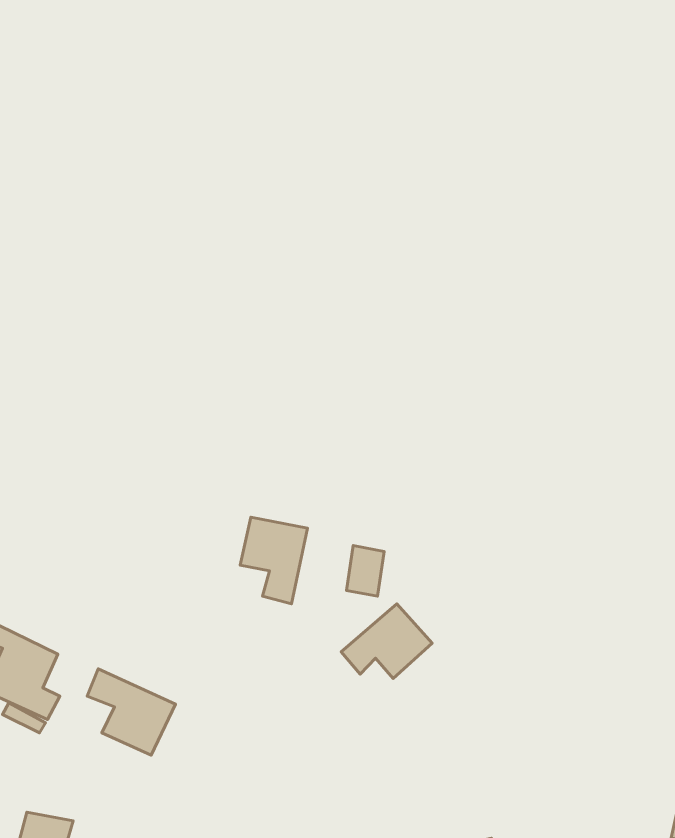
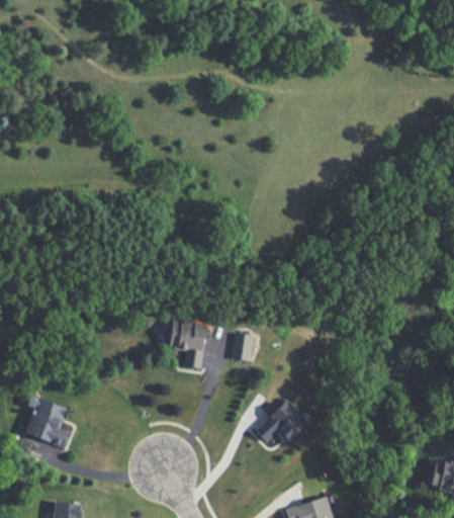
building: [341,604,432,679] -> [256,400,308,443]
building: [87,669,176,755] -> none

